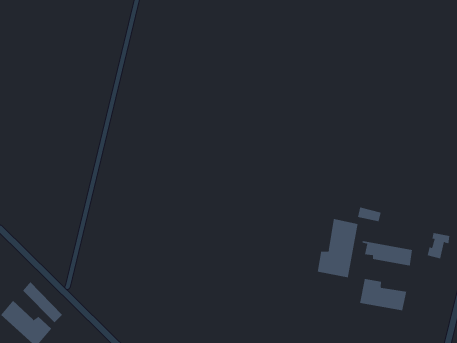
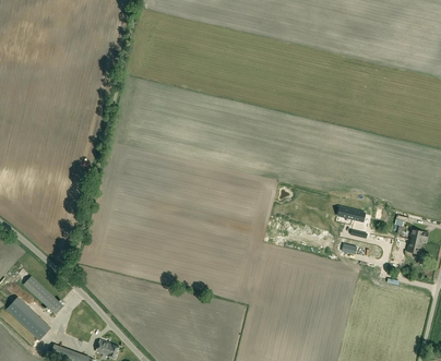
building: [317,218,358,278] -> none
building: [360,278,407,311] -> none

